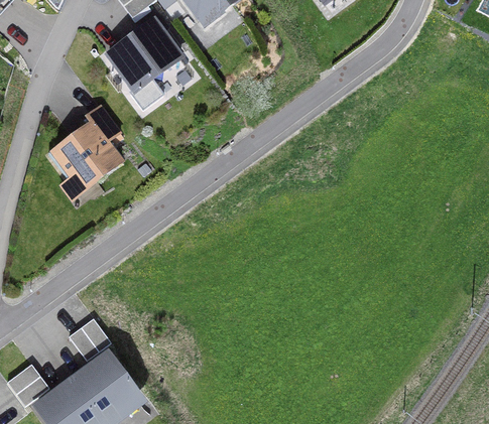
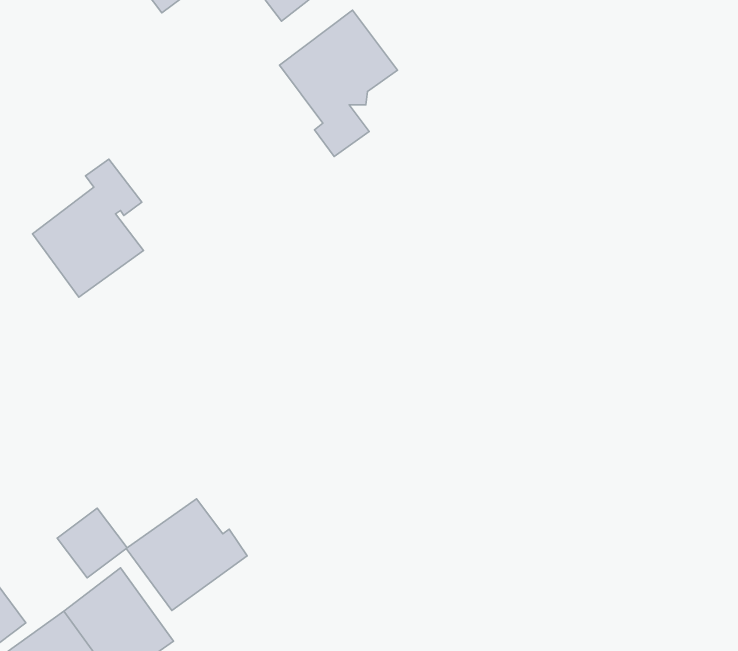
building: [109,19,180,108] -> [280,10,397,156]
building: none -> [126,499,247,610]

